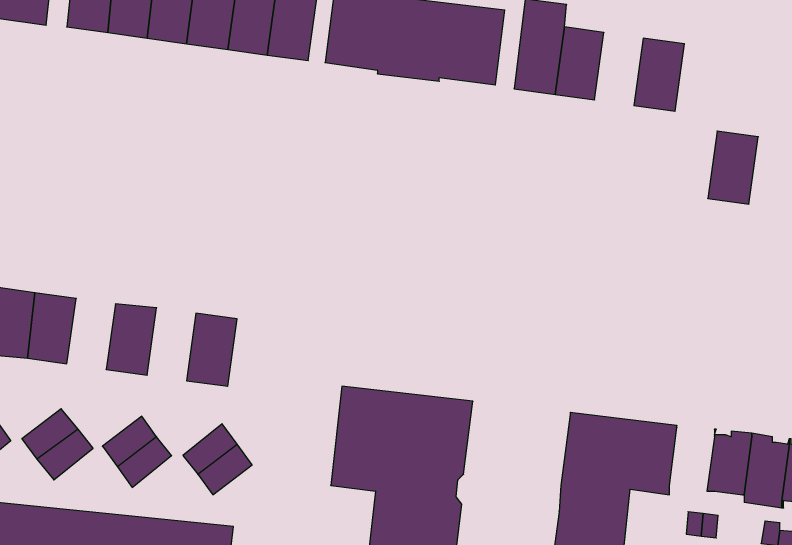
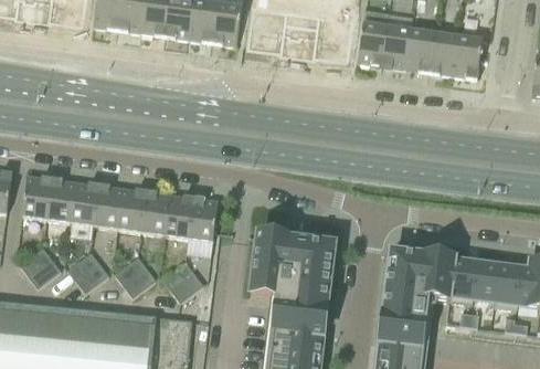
building: none -> [405,29,434,72]
building: [708,131,758,204] -> [453,35,483,78]
building: none -> [94,186,123,228]
building: none -> [141,191,170,234]
building: none -> [187,198,218,255]
building: none -> [449,261,476,304]

